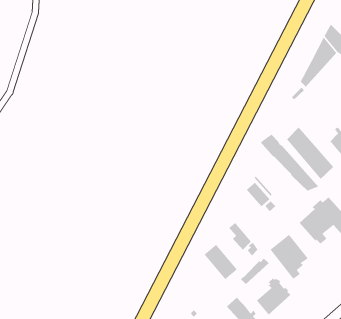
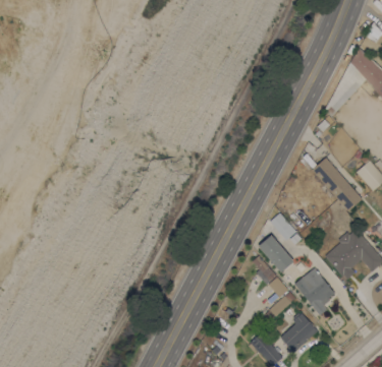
building: [260,134,319,191] -> none
building: [203,244,238,280] -> [259,235,294,272]

